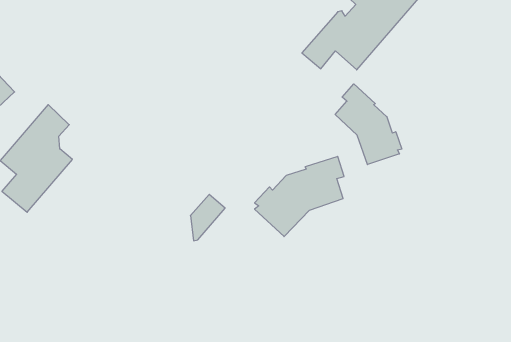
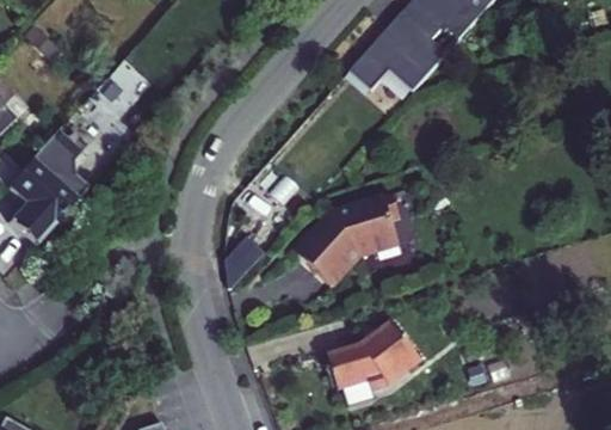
building: [335,84,402,165] -> none
building: none -> [327,318,420,386]

